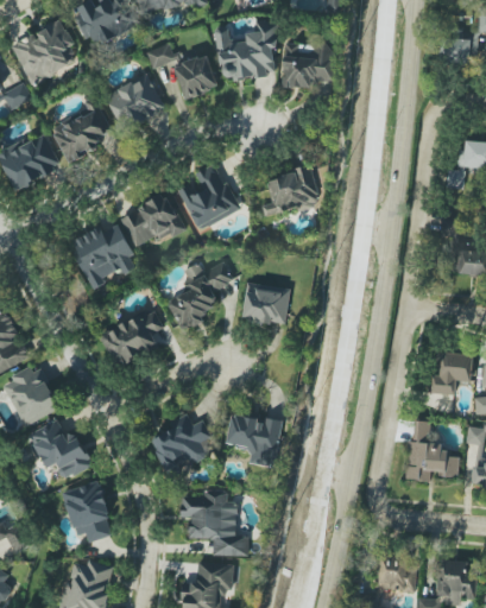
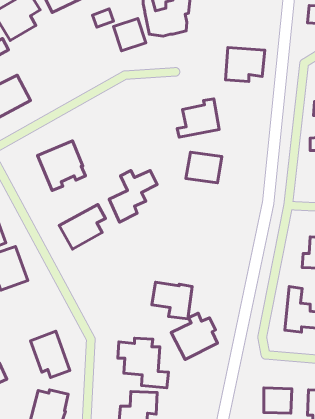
building: [280,43,334,89] -> [225,48,265,82]
building: [105,75,164,129] -> none
building: [49,103,113,160] -> none
building: [177,164,238,230] -> none
building: [120,194,185,247] -> none
building: [241,283,290,324] -> [186,152,222,183]
building: [150,414,213,477] -> [171,313,217,360]
building: [29,419,91,480] -> none

